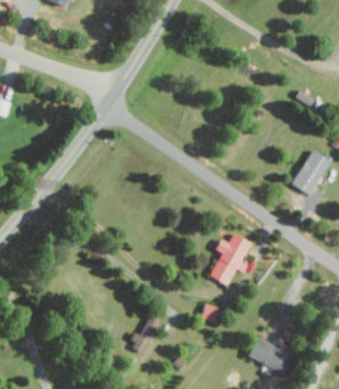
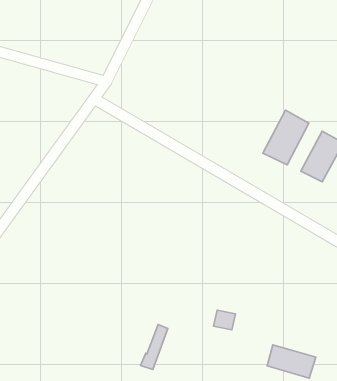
building: none -> [263,110,309,165]
building: [210,233,253,286] -> none

